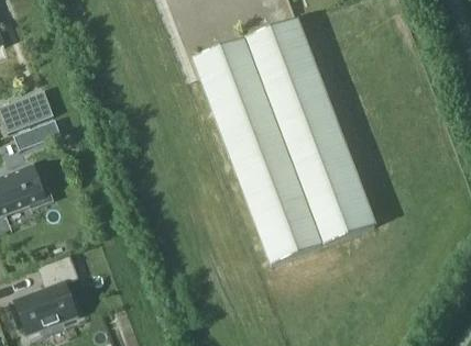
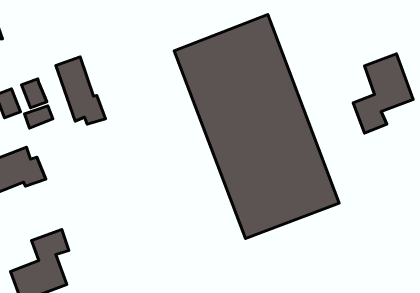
building: none -> [353,54,413,133]
building: none -> [56,57,105,124]

